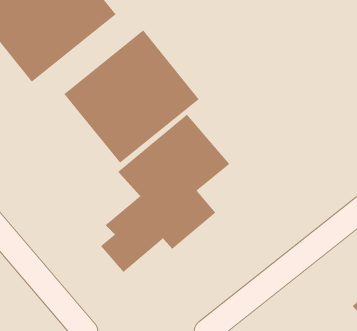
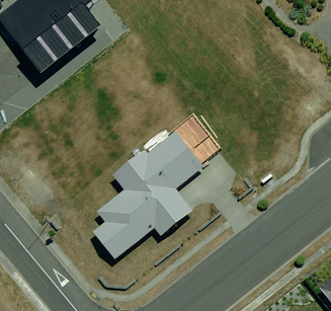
building: [64,30,199,164] -> none

